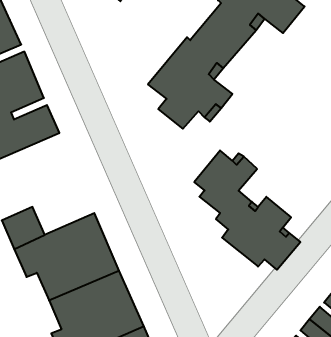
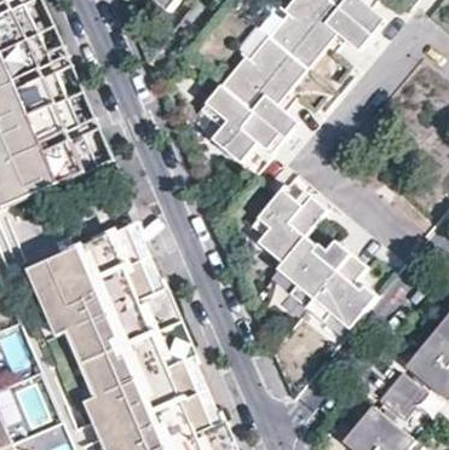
building: none -> [63,229,136,287]

